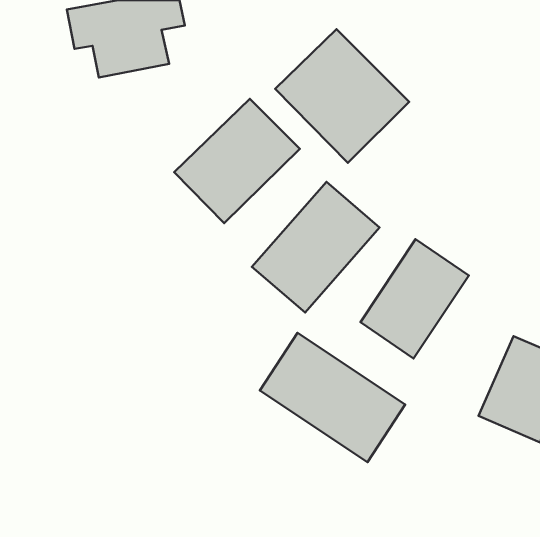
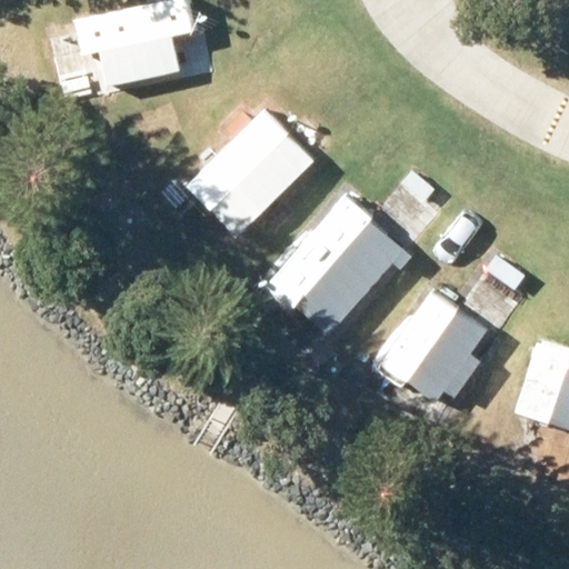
building: [275,29,409,163] -> none
building: [260,333,405,462] -> none

